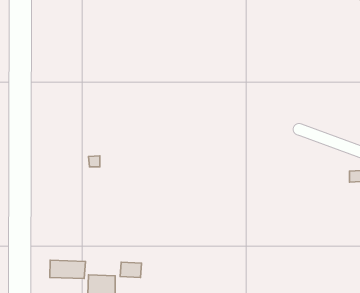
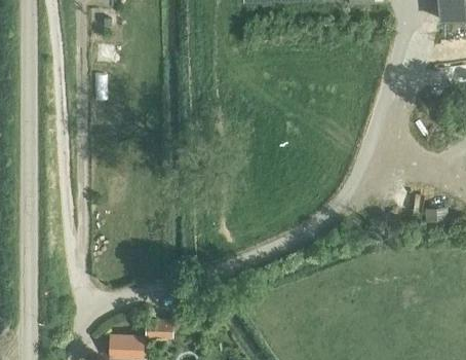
building: [50,260,85,278] -> none

